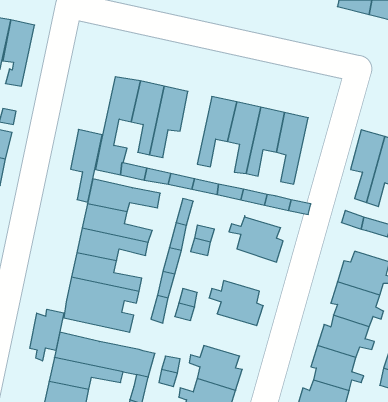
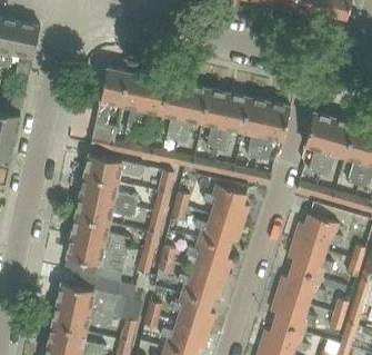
building: none -> [257,101,290,159]
building: [71,129,102,202] -> [161,79,188,140]
building: none -> [194,211,242,247]
building: [30,309,64,361] -> none
building: none -> [177,266,225,302]

